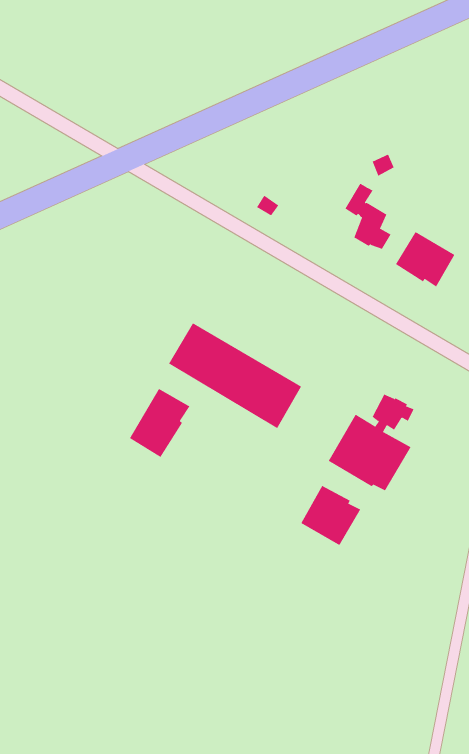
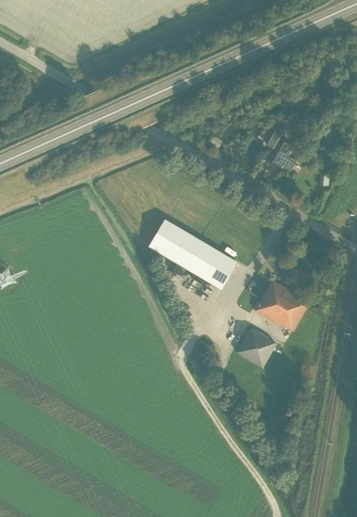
building: [395,231,455,287] -> none
building: [129,388,190,458] -> none

